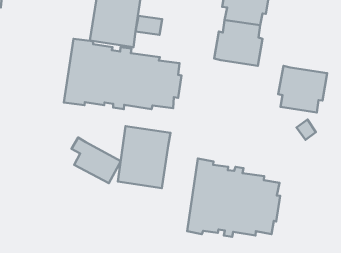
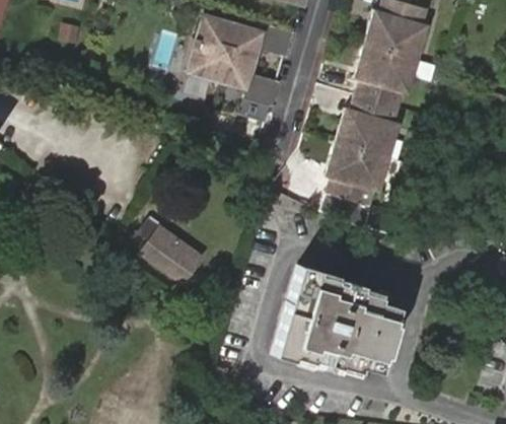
building: [64,39,181,109] -> none
building: [278,66,327,113] -> [324,141,389,205]
building: [118,126,171,188] -> none

